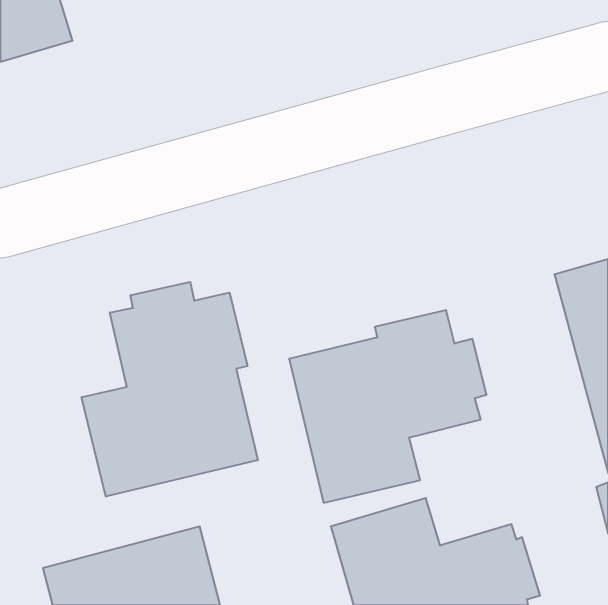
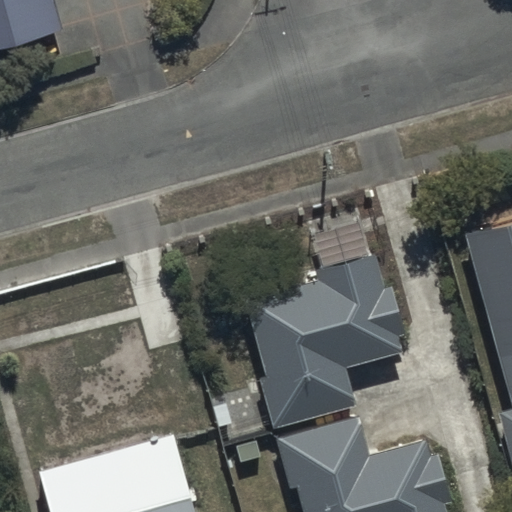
building: [82,282,258,497] -> none

